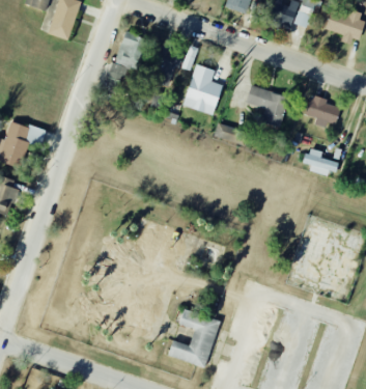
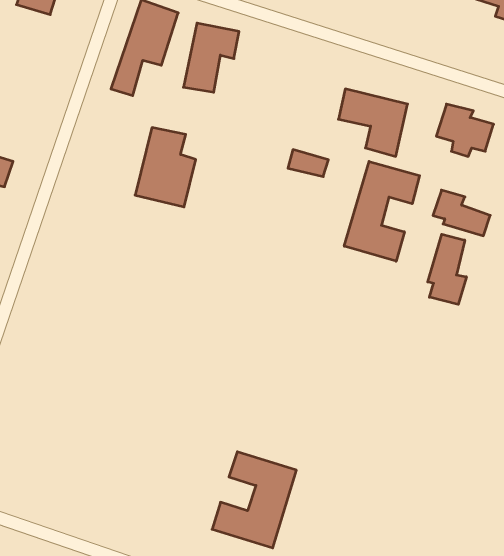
building: [184,65,221,114] -> [135,128,196,207]
building: none -> [344,161,420,261]
building: none -> [428,234,466,304]

